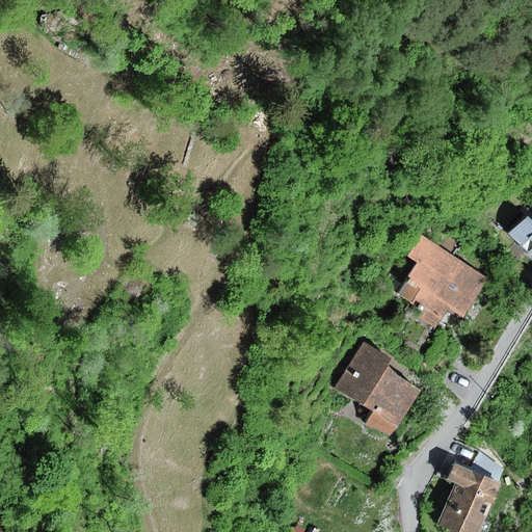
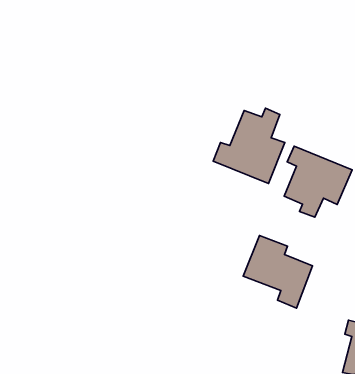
building: none -> [213,108,285,184]

